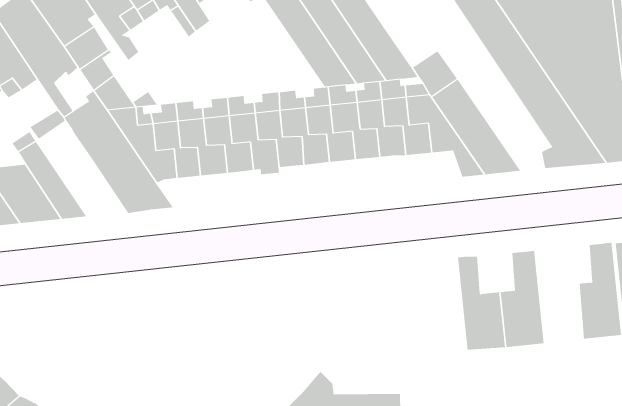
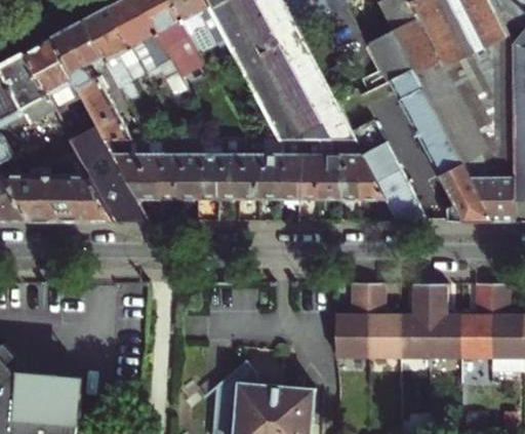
building: none -> [59,174,116,222]
building: none -> [433,284,465,358]
building: none -> [339,283,371,357]

